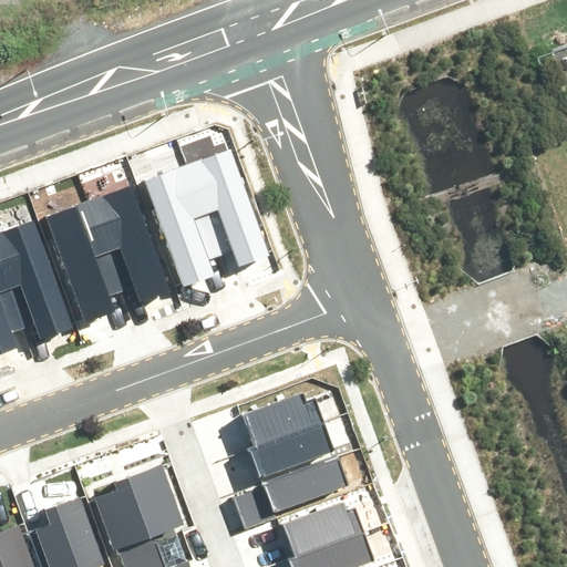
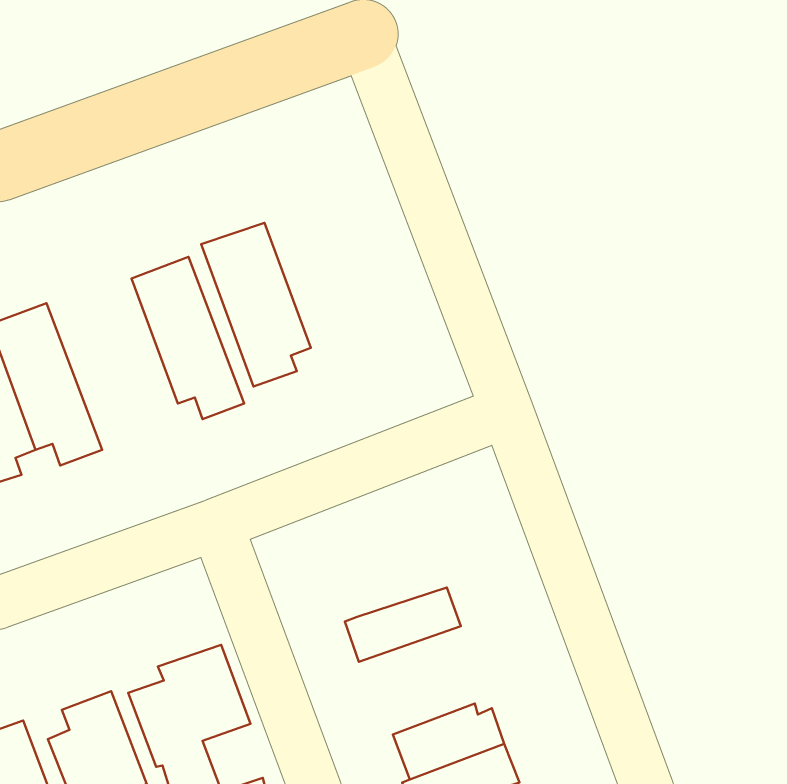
building: [189,148,269,264] -> none
building: [50,204,127,322] -> none
building: [244,392,320,446] -> none
building: [265,457,347,512] -> none

